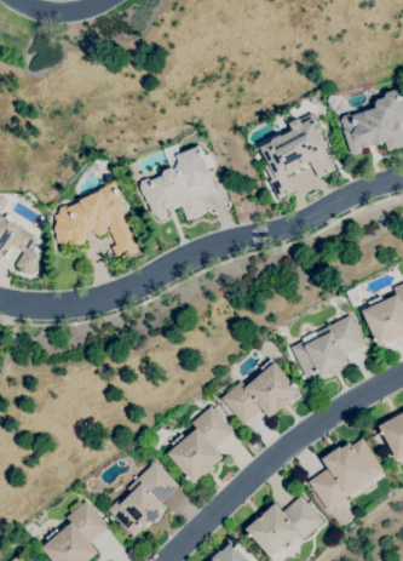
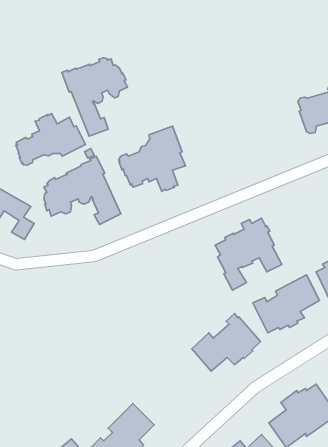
building: none -> [62,58,128,136]
building: [260,118,335,199] -> [215,218,282,290]
building: none -> [16,113,85,165]
building: [167,406,232,483] -> none

